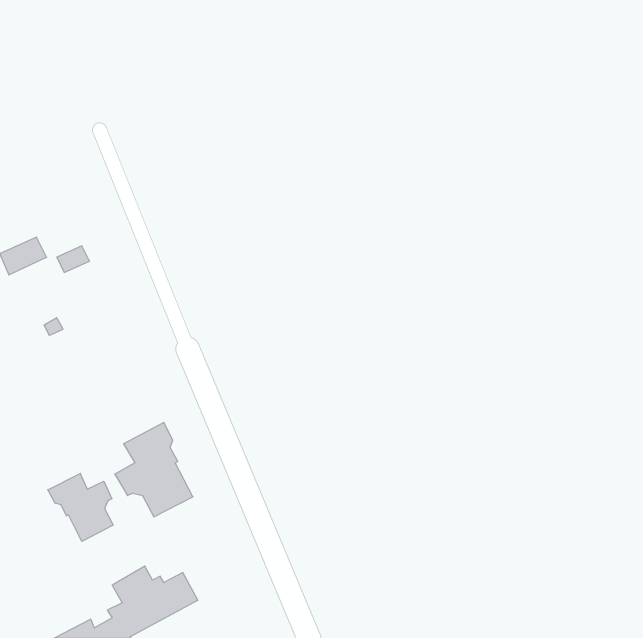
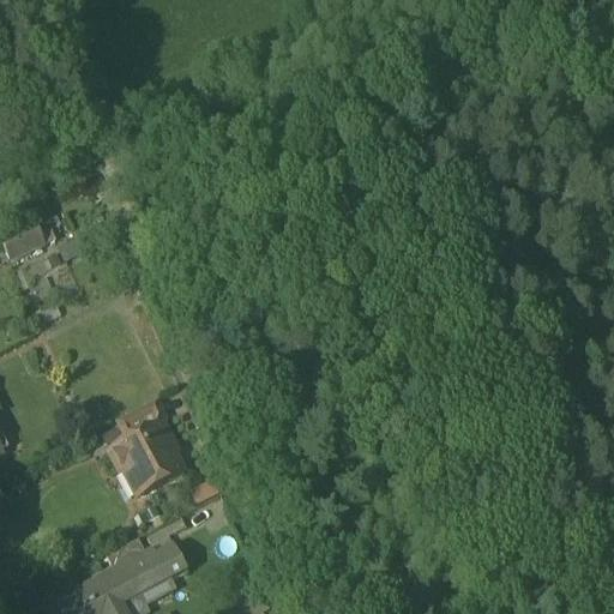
building: [48,473,113,541] -> none

